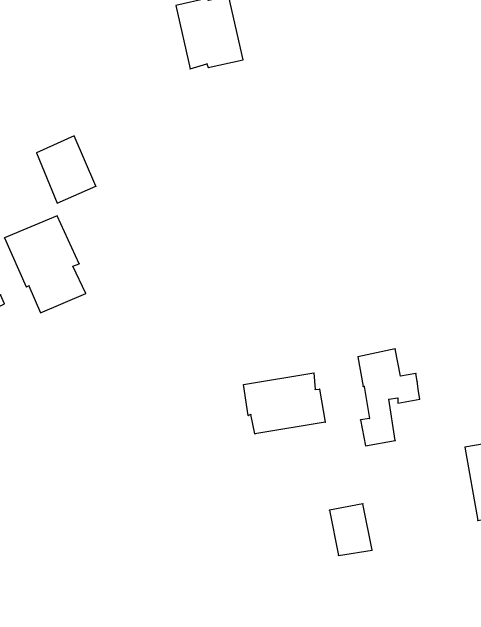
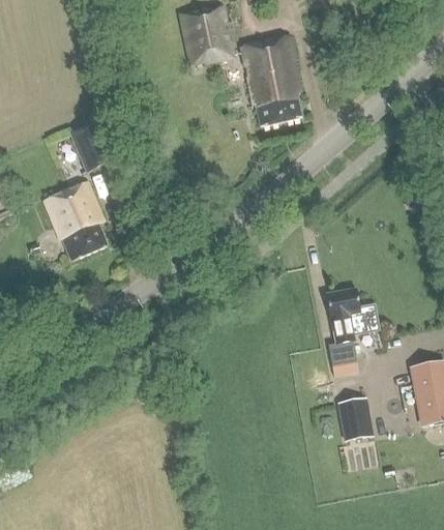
building: none -> [236,34,301,126]
building: [244,373,325,434] -> none
building: [329,504,372,555] -> [338,398,373,439]

